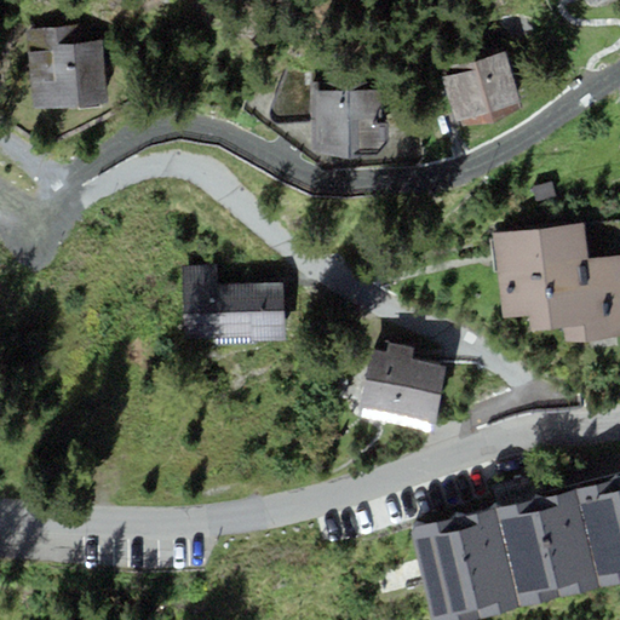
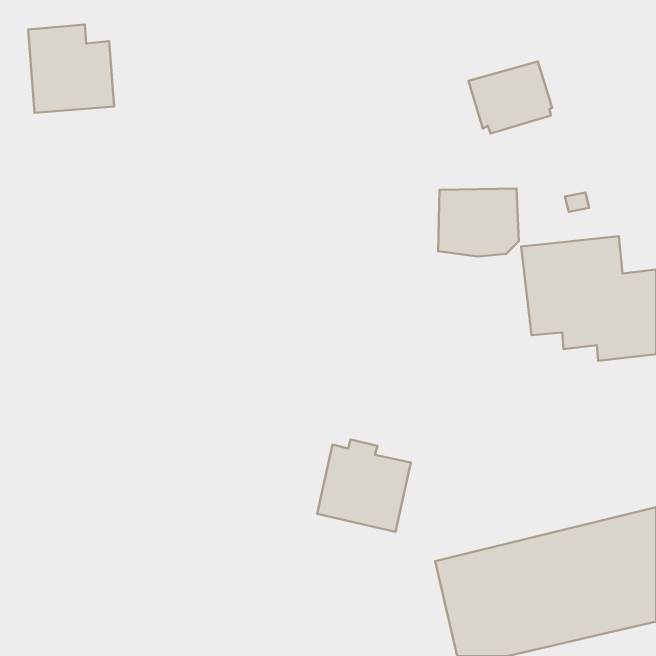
building: [311,91,388,155] -> [438,188,519,256]
building: [183,265,285,339] -> none
building: [357,343,446,430] -> [317,439,411,532]

